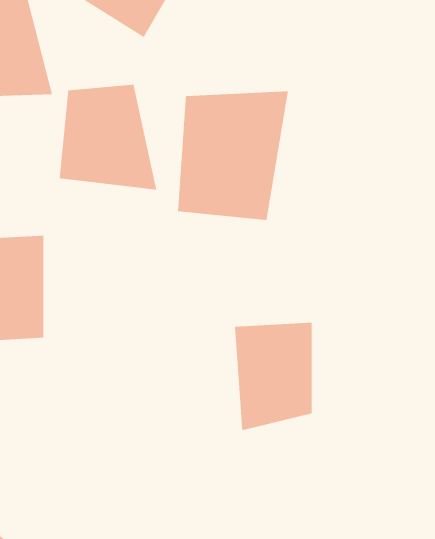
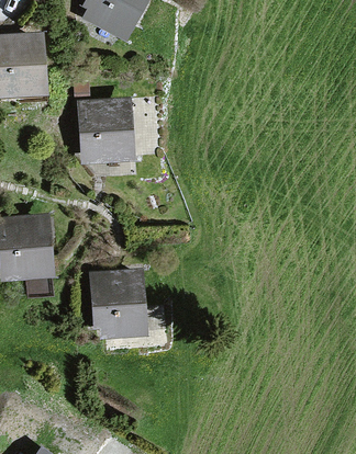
building: [177,90,288,221] -> none
building: [234,322,312,431] -> [88,269,147,351]

